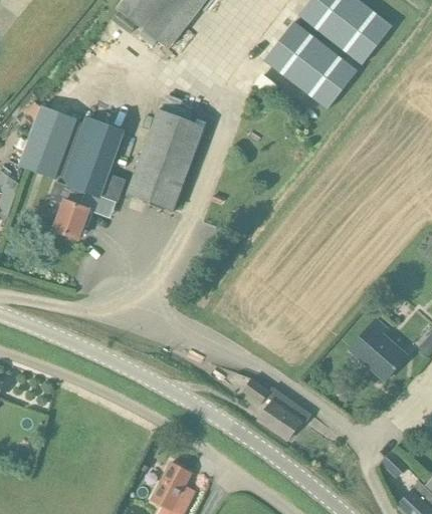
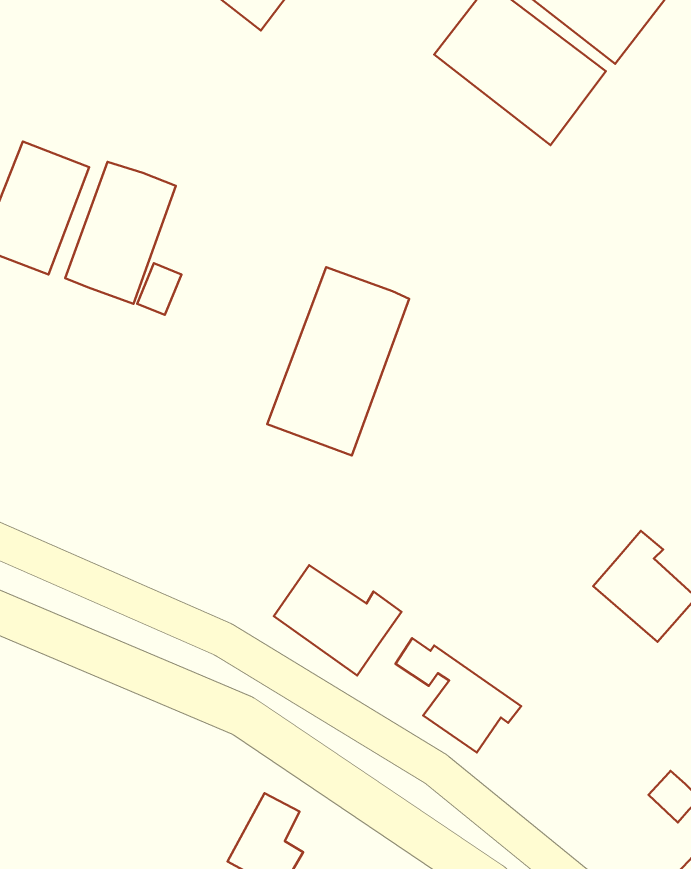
building: [127,109,204,212] -> [267,267,409,456]
building: [50,182,89,238] -> none
building: none -> [274,565,402,675]

